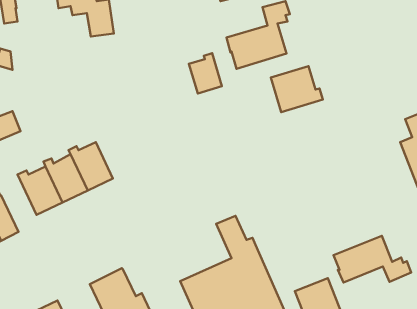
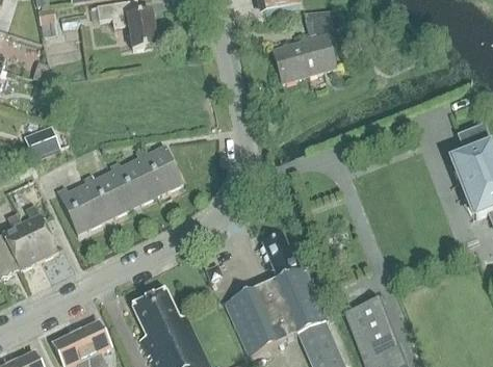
building: [189,53,222,93] -> none
building: [271,66,323,112] -> none
building: none -> [135,146,182,195]
building: [333,236,411,282] -> none

